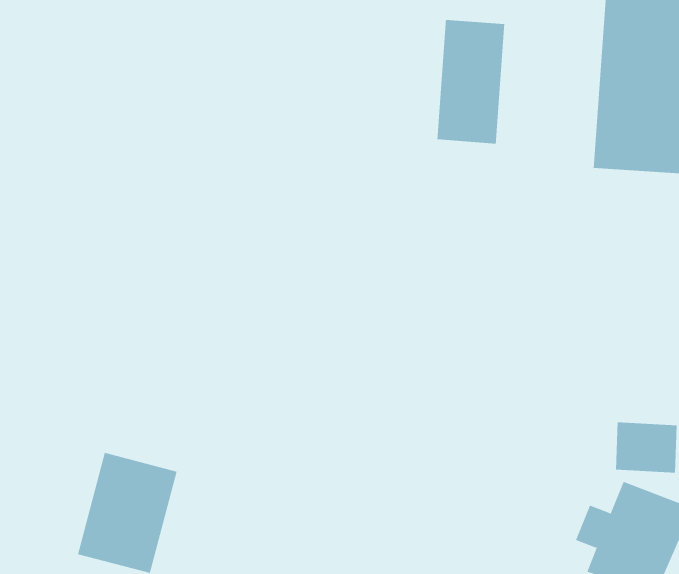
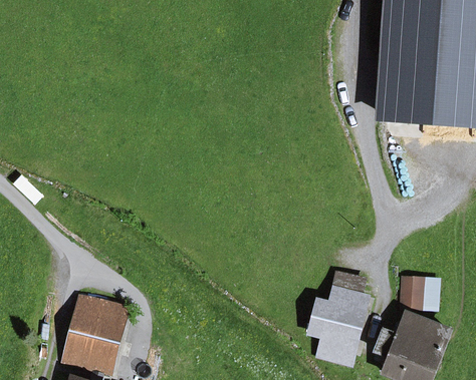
building: [437,19,505,145] -> none
building: none -> [309,274,365,365]

